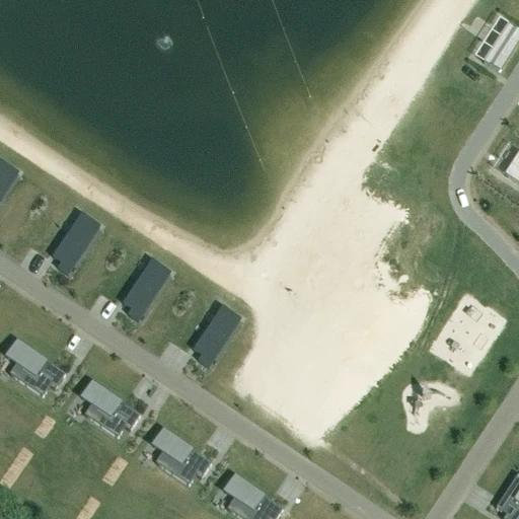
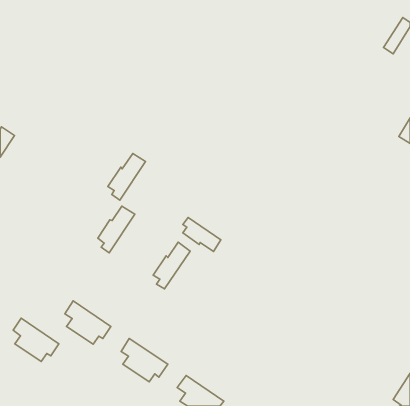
building: [53,214,100,273] -> [108,154,146,200]
building: none -> [183,217,221,252]
building: [7,340,65,394] -> [13,318,59,362]

